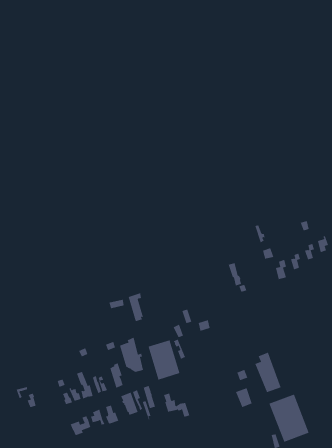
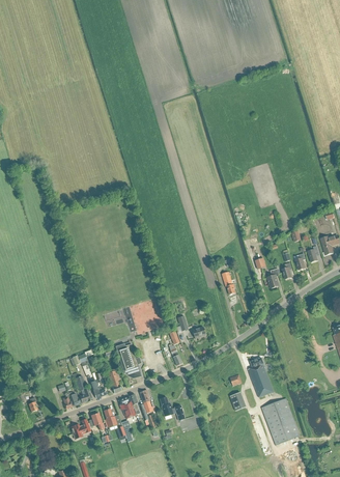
building: [148,339,180,380] -> none

